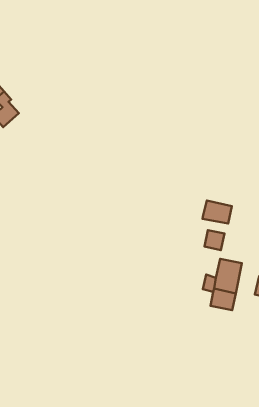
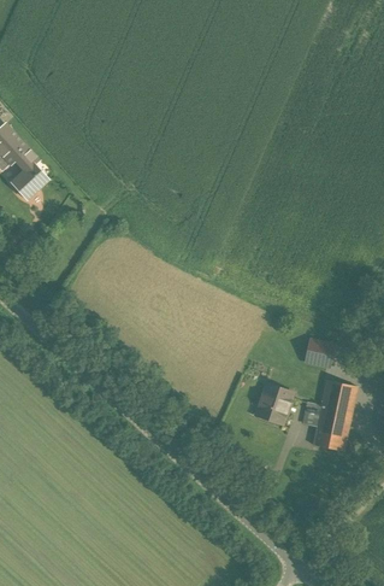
building: [203,201,232,224] -> none
building: none -> [258,383,293,422]

